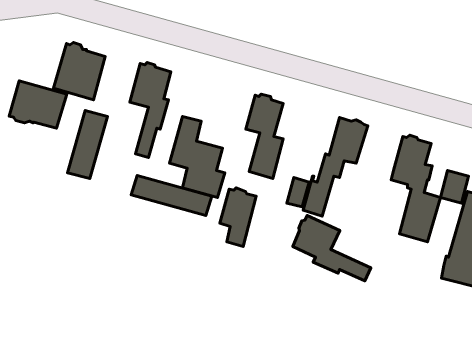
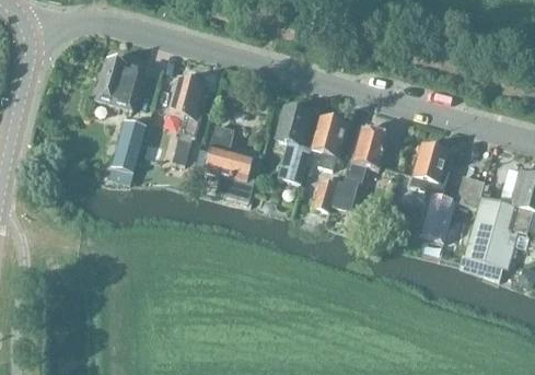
building: [9,81,67,128] -> none
building: [131,175,212,216] -> none
building: [220,188,256,246] -> [311,114,345,168]
building: [293,216,371,281] -> none

